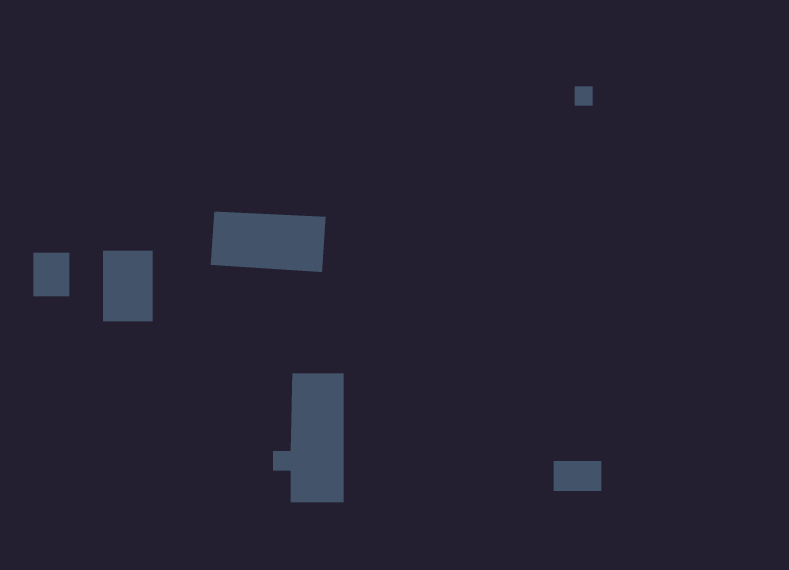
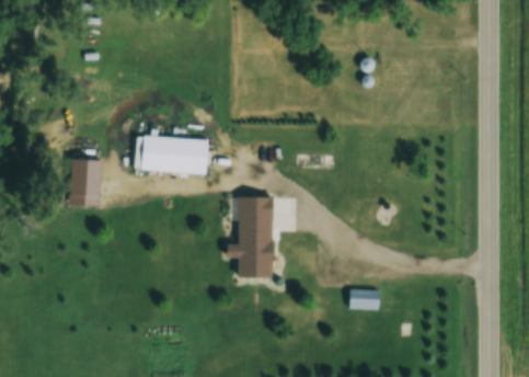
building: [32,252,70,297] -> none
building: [272,372,345,503] -> [227,197,272,278]

